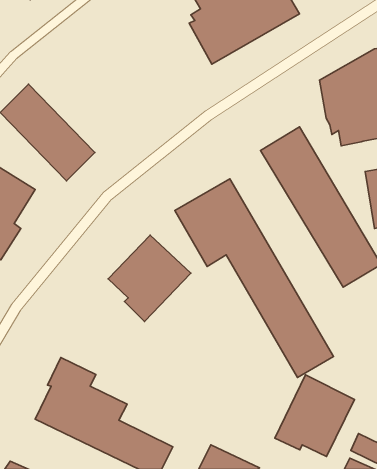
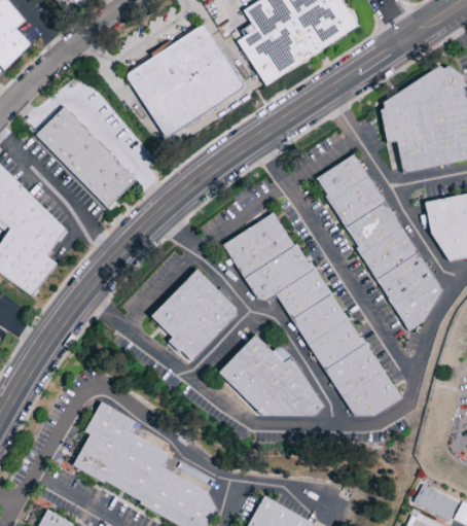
building: none -> [124,23,245,137]
building: none -> [219,334,323,415]
building: [275,375,354,457] -> none

